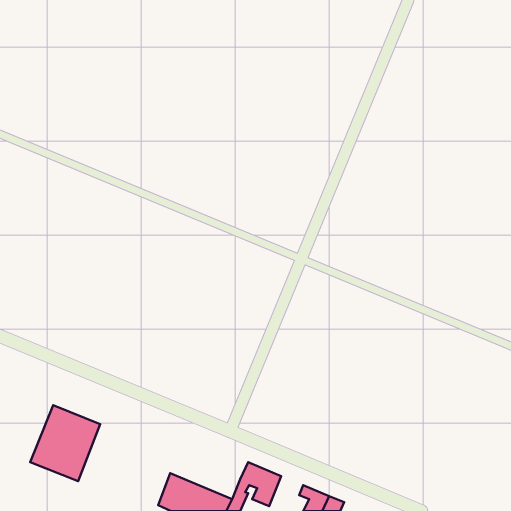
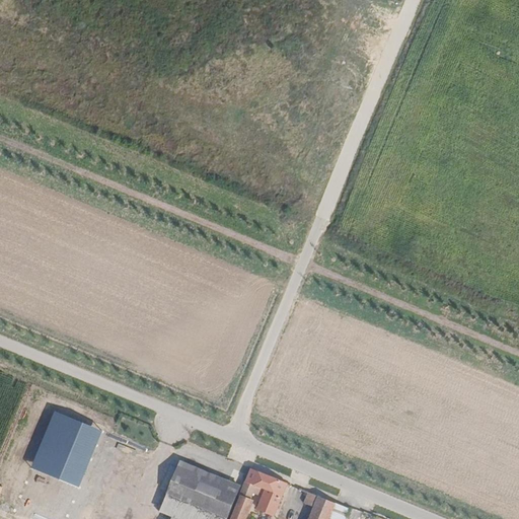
building: none -> [172,459,243,506]

